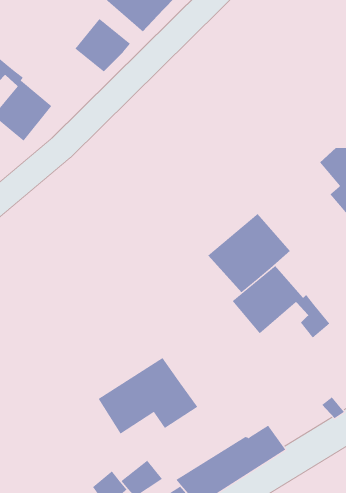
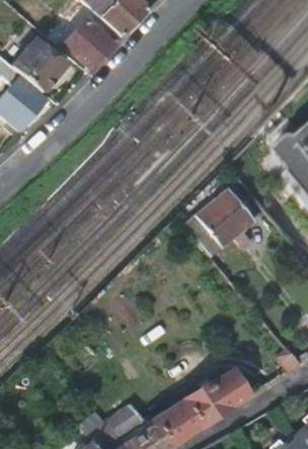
building: none -> [14,39,66,91]
building: [232,265,330,339] -> none
building: [98,357,198,435] -> none

